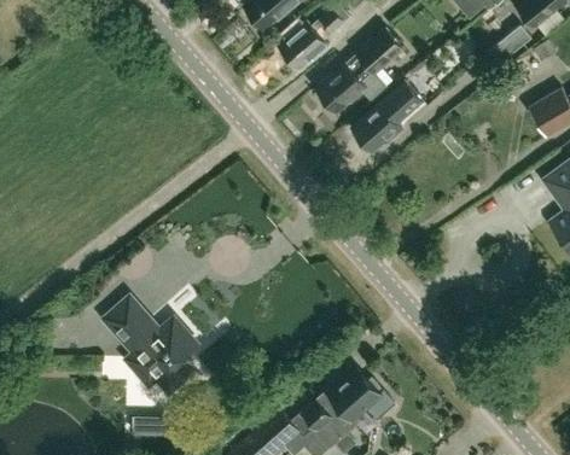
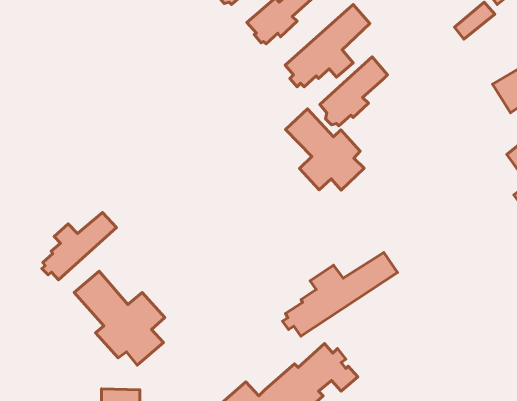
building: none -> [286,109,364,190]
building: none -> [42,212,116,280]
building: none -> [282,253,398,336]

